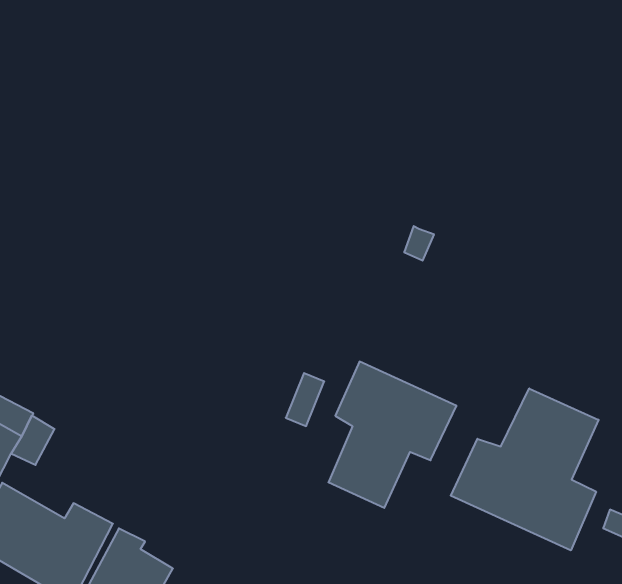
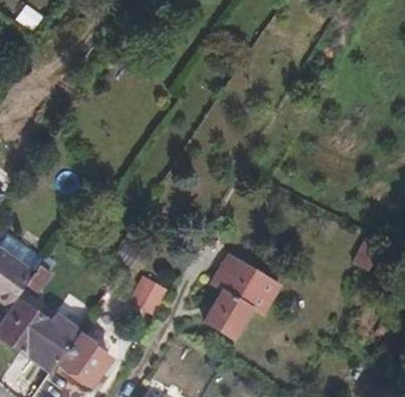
building: [451,388,599,550] -> none
building: none -> [128,276,168,313]

